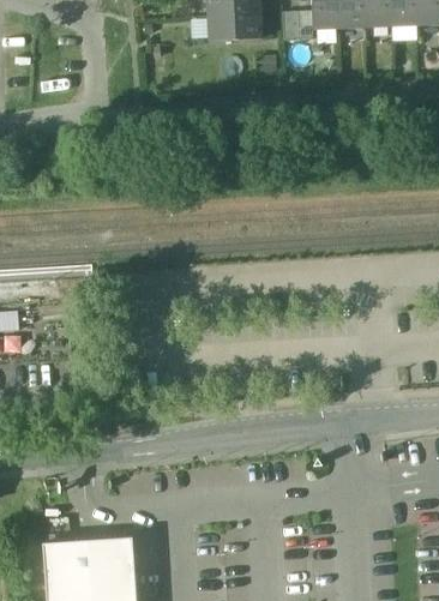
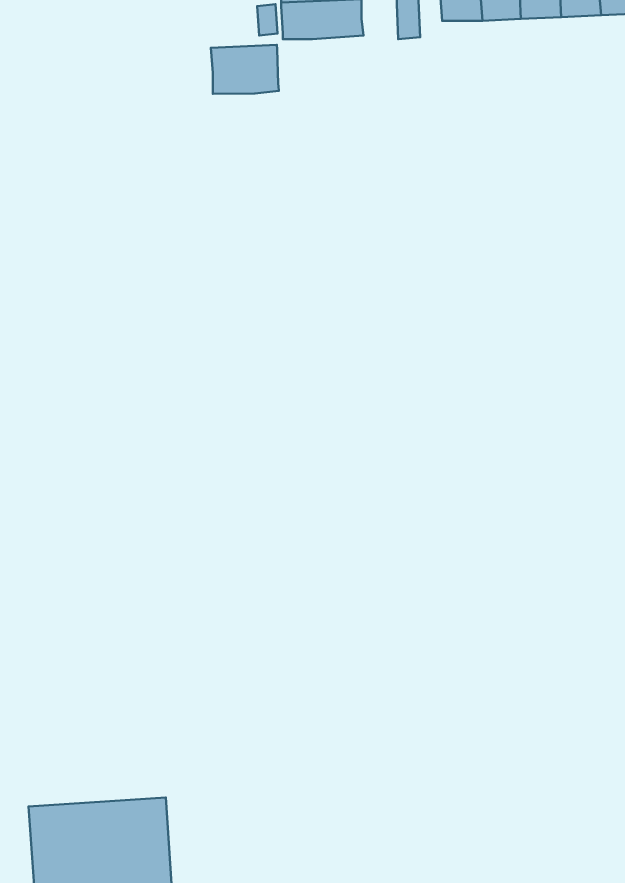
building: none -> [211,45,279,94]

